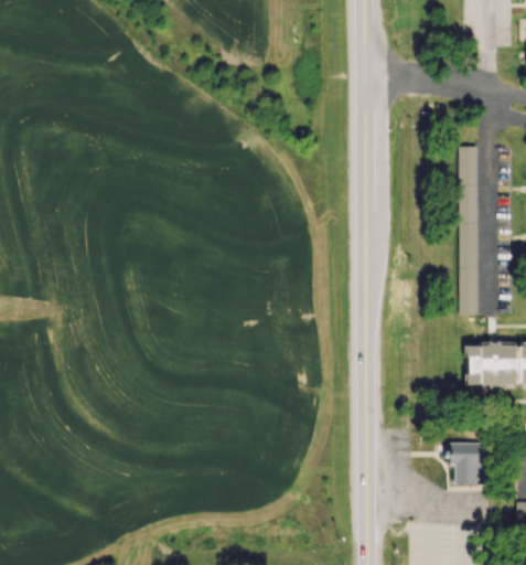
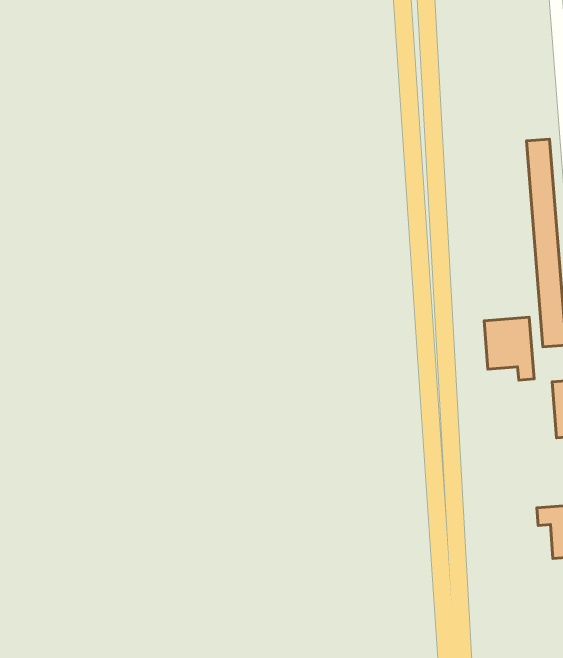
building: none -> [484,317,534,380]

